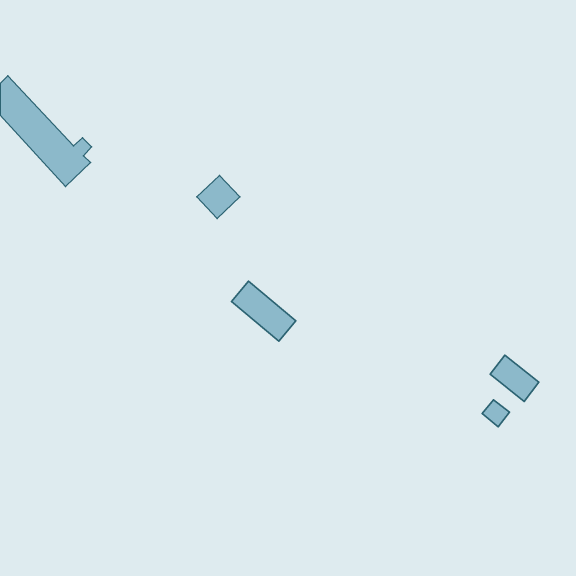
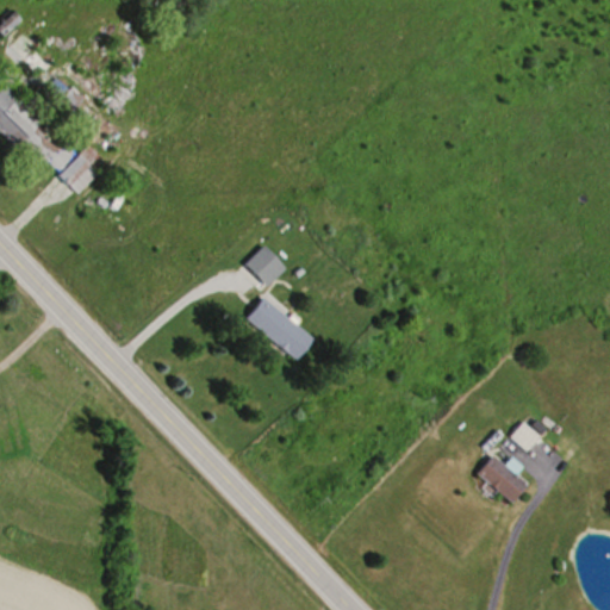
building: [197,175,240,218] -> [241,247,286,292]
building: [490,355,539,401] -> [477,455,528,504]

